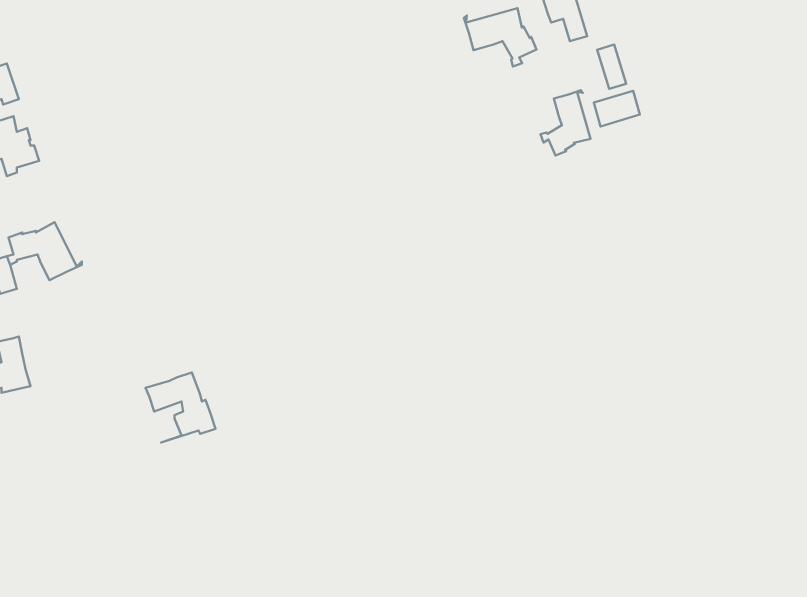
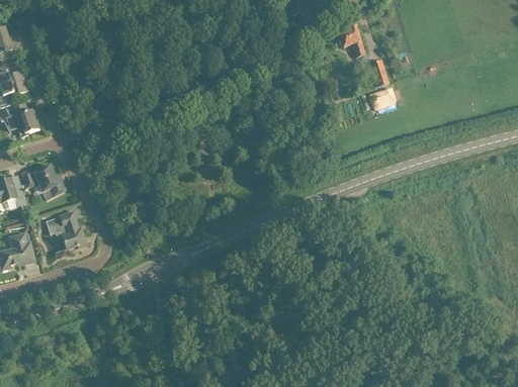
building: [464,8,536,67] -> none
building: [541,90,590,156] -> none
building: [146,372,216,442] -> [44,211,85,253]

